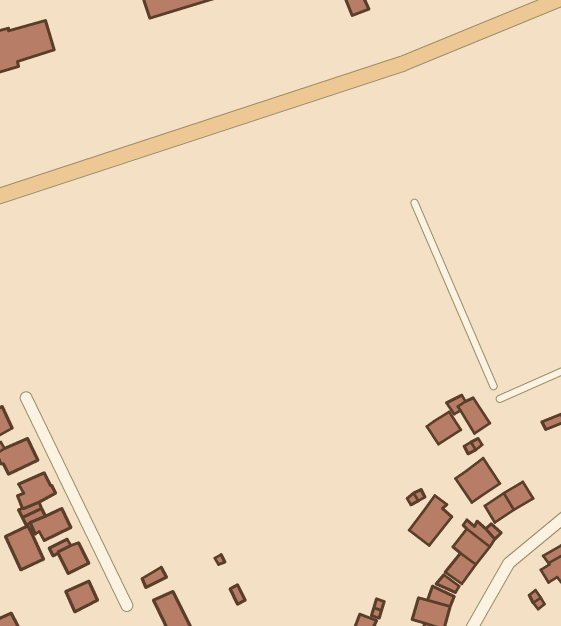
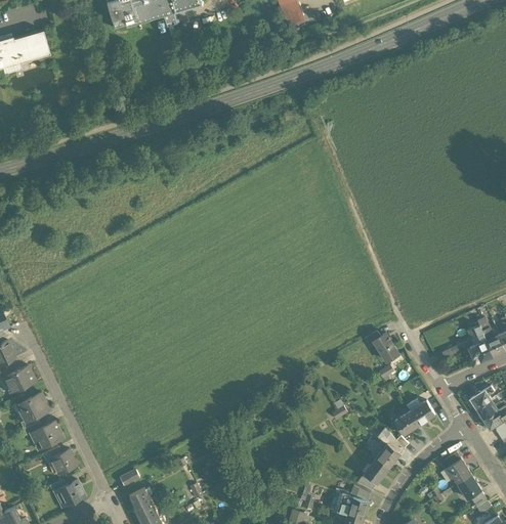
building: [427,412,461,444] -> none
building: [455,458,500,502] -> none
building: [409,496,452,546] -> none
building: [5,526,43,570] -> none

